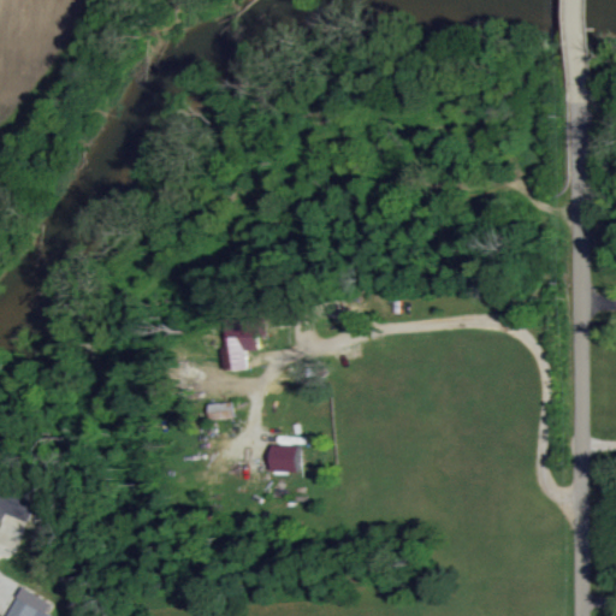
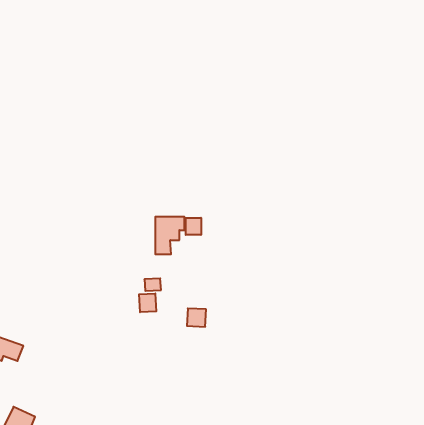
building: none -> [186,218,201,235]
building: none -> [139,293,156,312]

